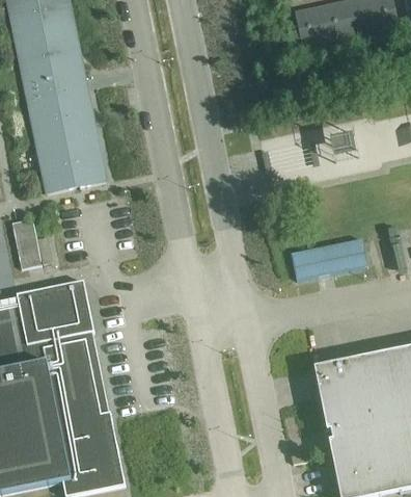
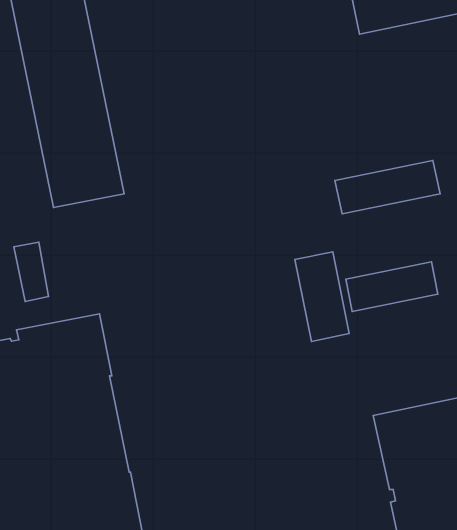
building: none -> [335,161,440,214]
building: none -> [295,252,349,341]

